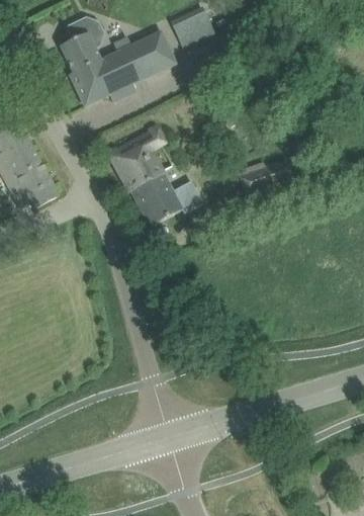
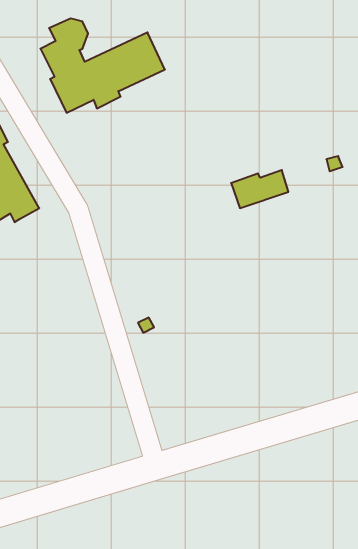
building: [168,5,209,38] -> none
building: [109,128,191,227] -> none

